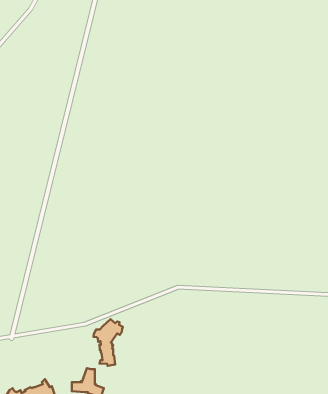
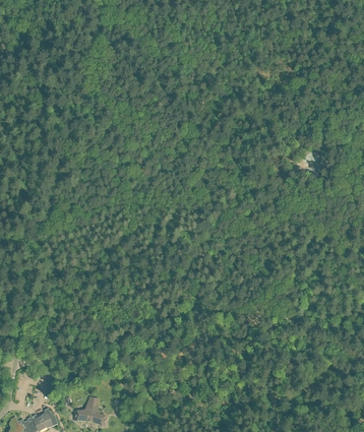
building: [93,319,123,366] -> none

